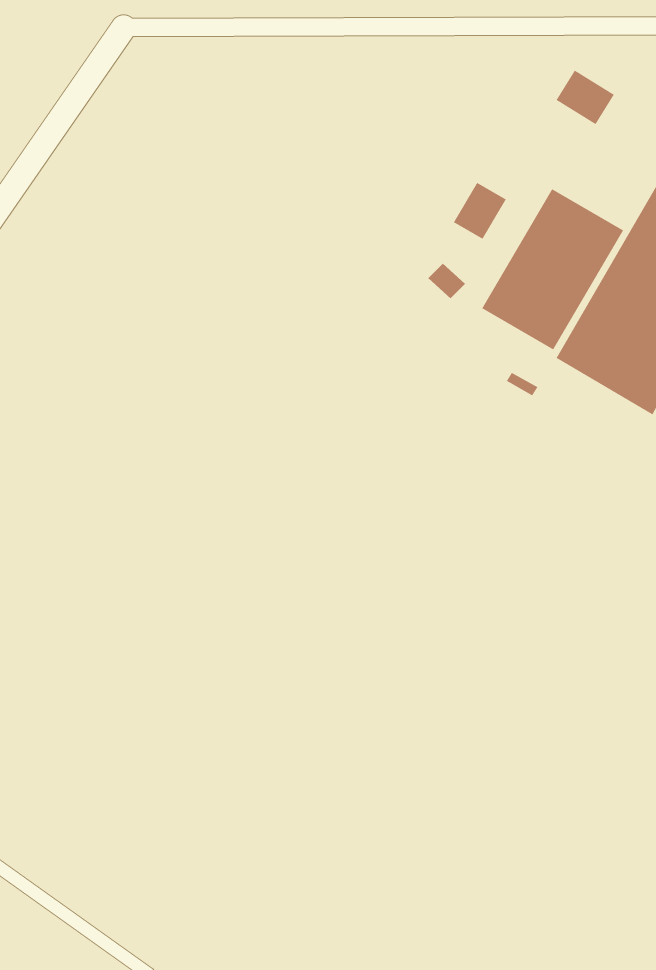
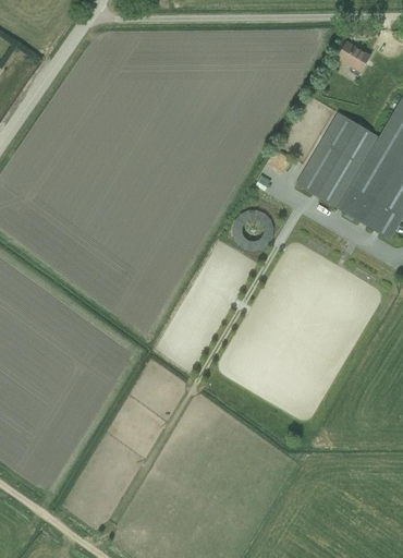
building: [453,182,507,240] -> none

